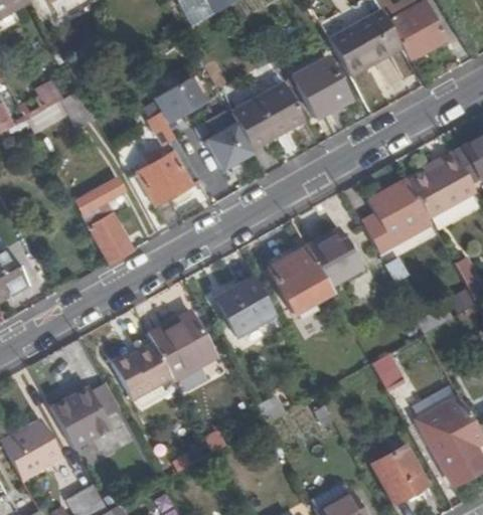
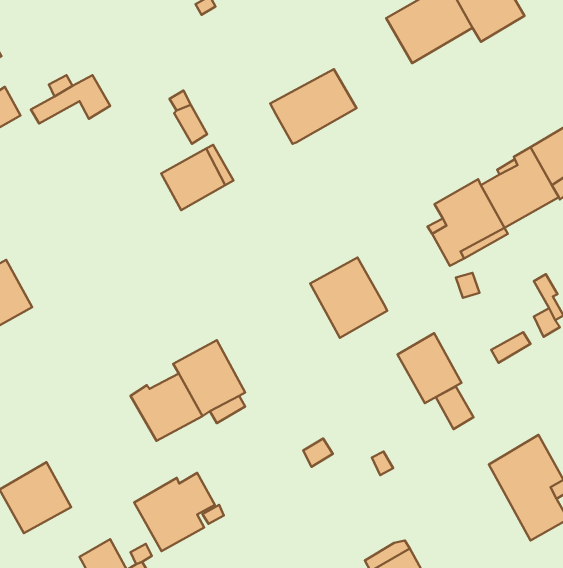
building: [293,57,350,118] -> none
building: [156,77,206,124] -> none
building: [207,123,257,171] -> none
building: [73,178,129,264] -> none
building: [305,226,359,286] -> [398,333,462,403]
building: [216,277,275,336] -> none
building: [51,382,120,449] -> [134,473,215,551]
building: [372,447,425,503] -> none

